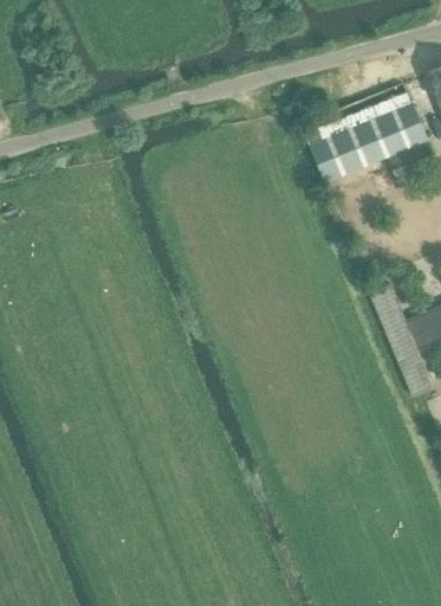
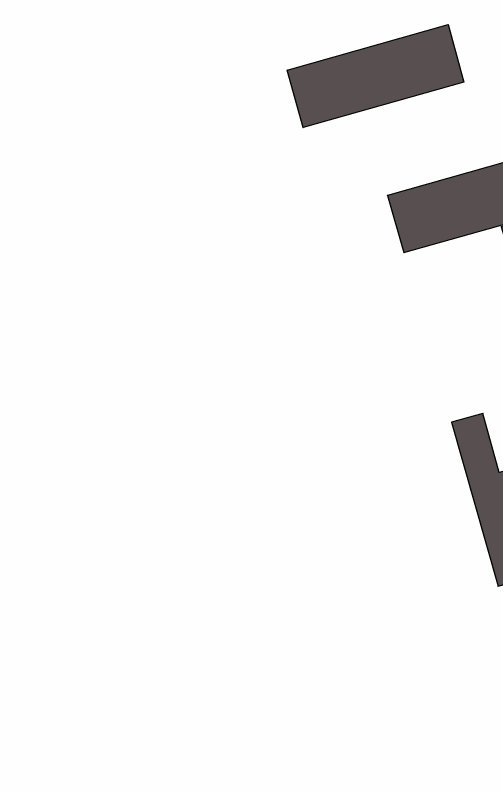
building: none -> [287,25,464,128]

